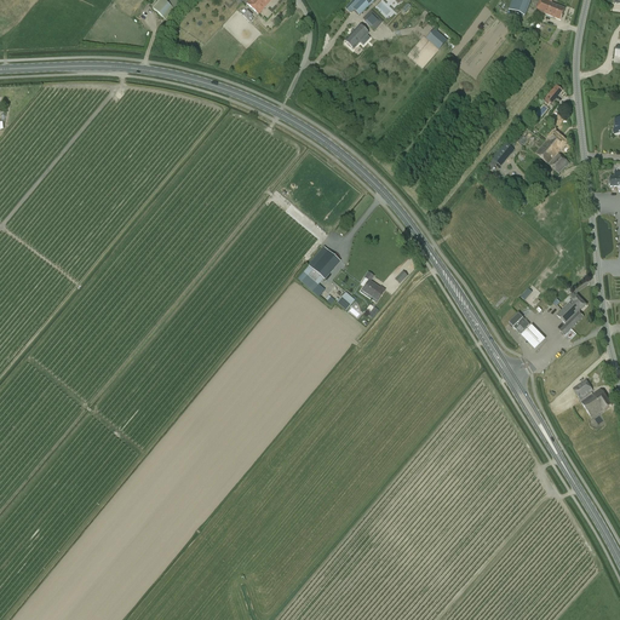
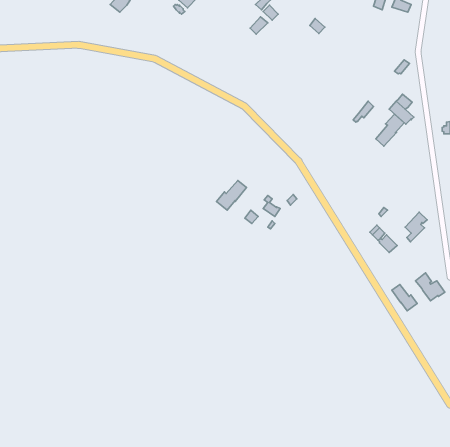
building: none -> [376,114,404,146]
building: none -> [392,285,417,311]

